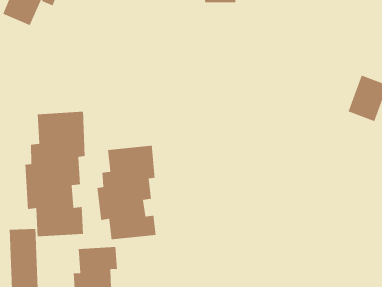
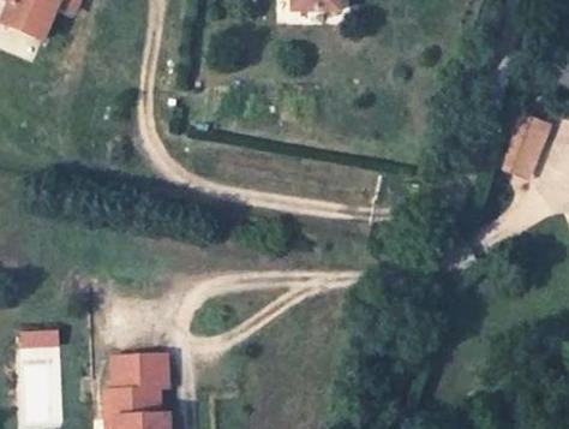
building: [24,111,85,237] -> none
building: [97,145,156,240] -> none

